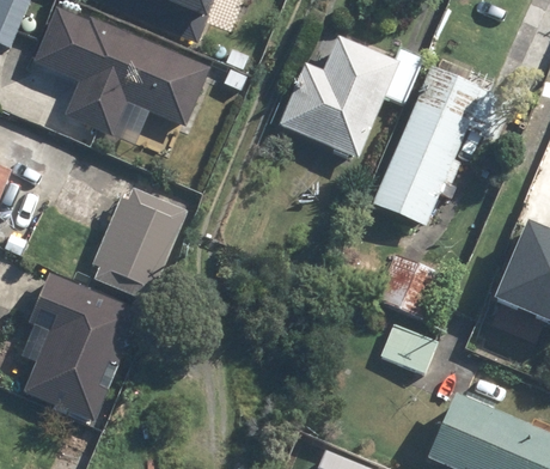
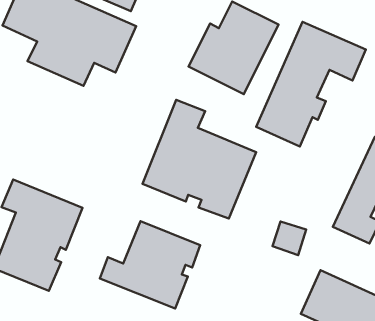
building: none -> [142,100,256,219]
building: [90,185,188,302] -> none
building: none -> [100,221,200,308]

